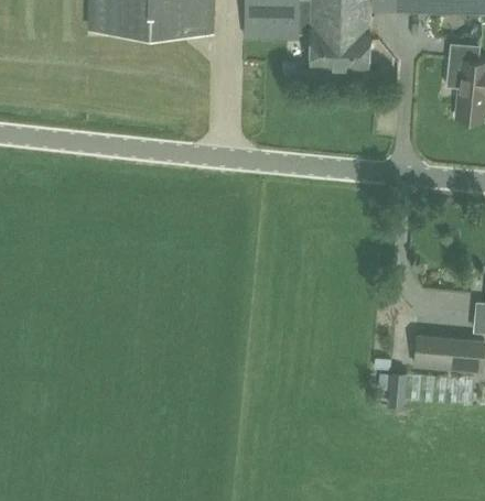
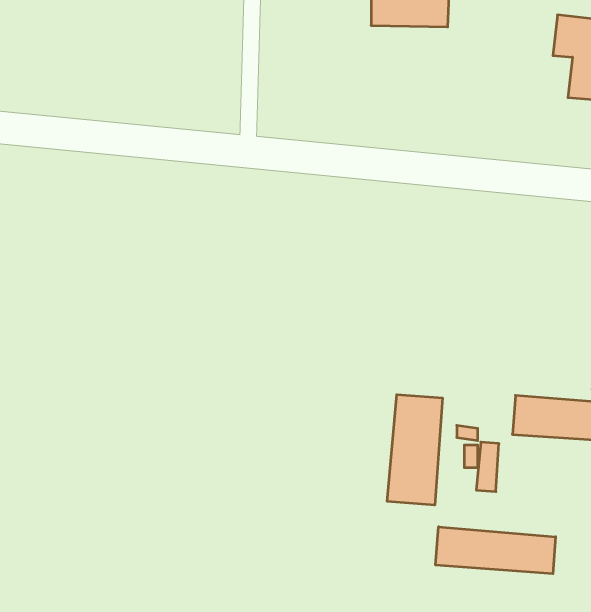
building: none -> [387,395,442,505]
building: none -> [436,527,556,574]

